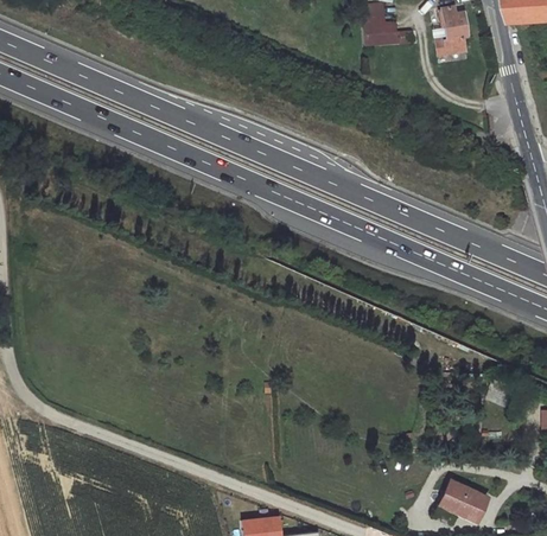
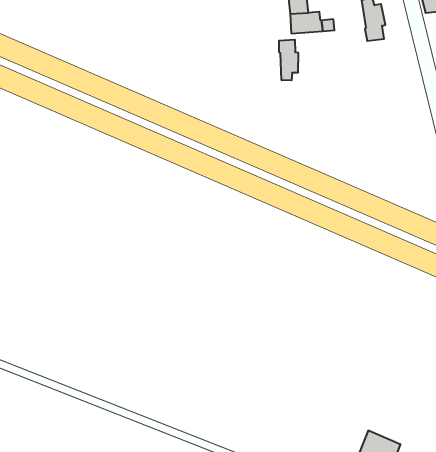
building: none -> [279,40,298,80]

